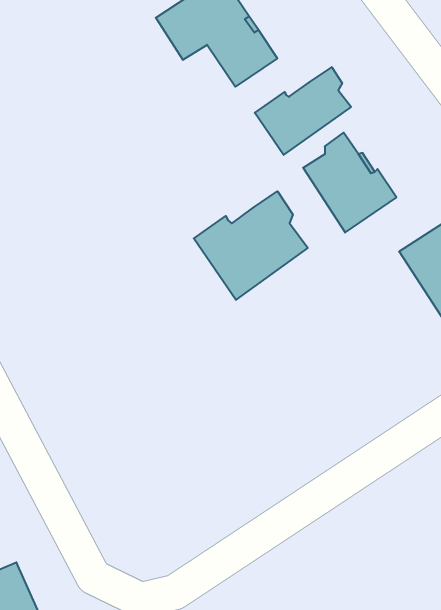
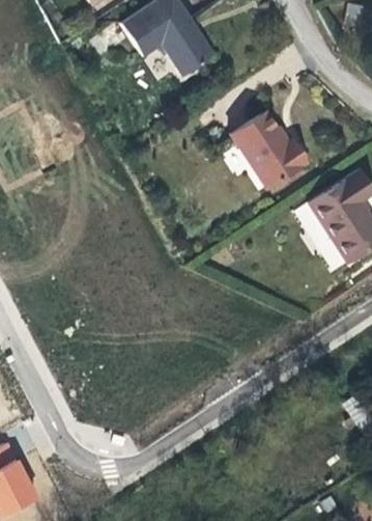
building: [255,67,351,155] -> none
building: [194,191,308,300] -> none

